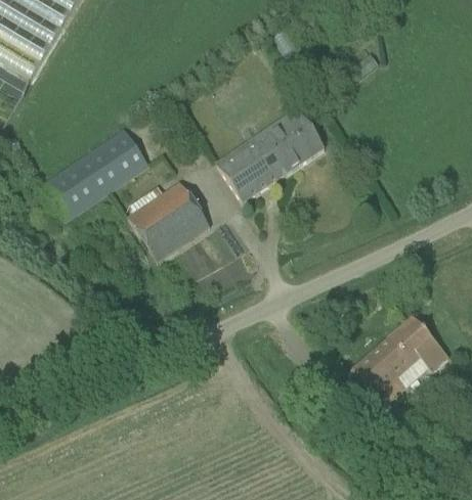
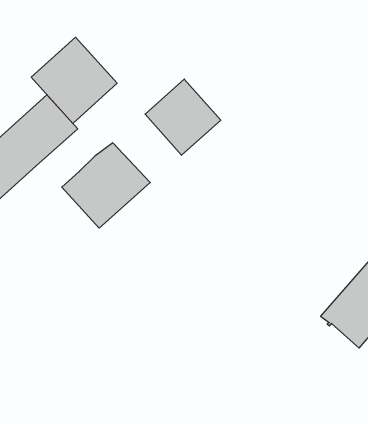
building: none -> [31,37,117,123]
building: [256,105,326,175] -> none

